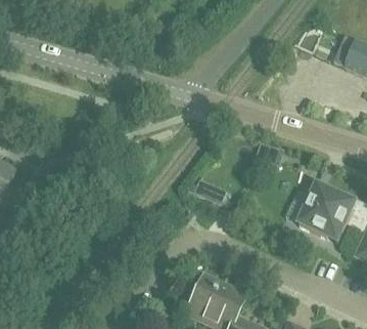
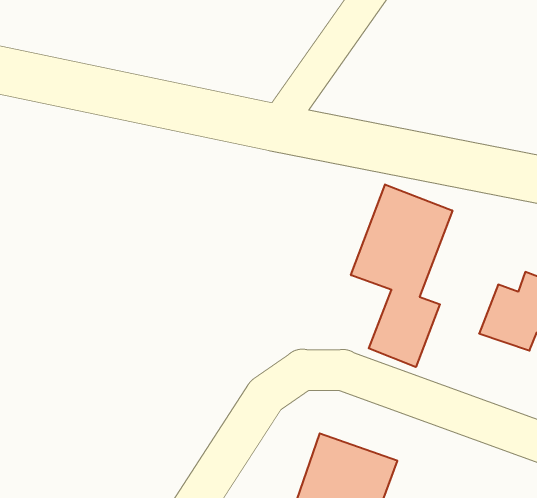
building: none -> [351,184,452,367]

